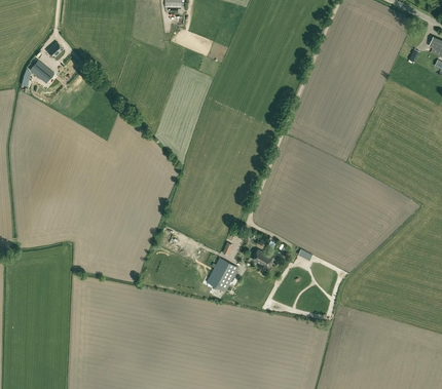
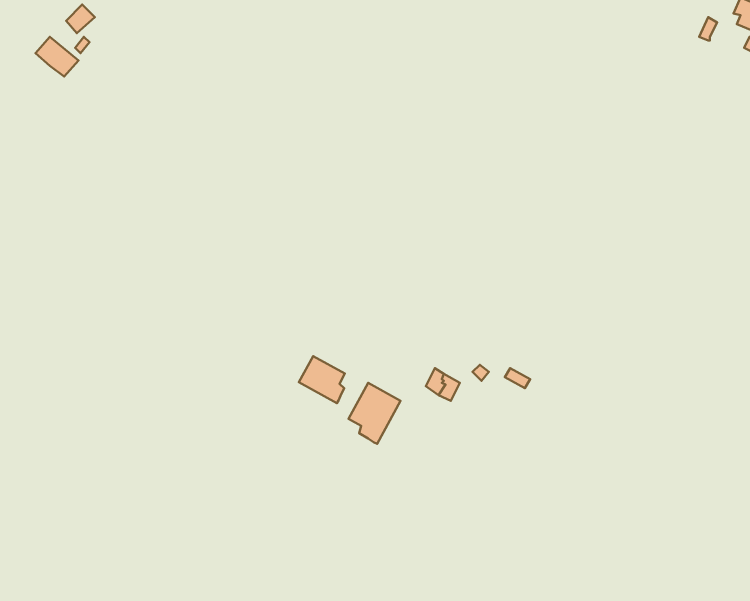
building: none -> [299,356,345,403]

